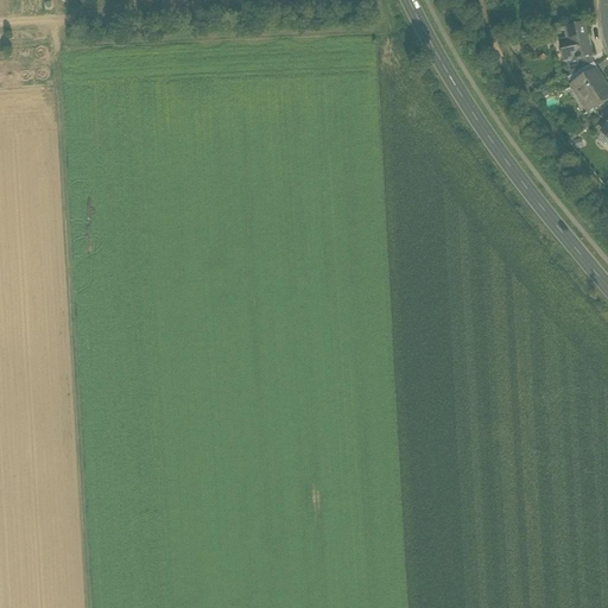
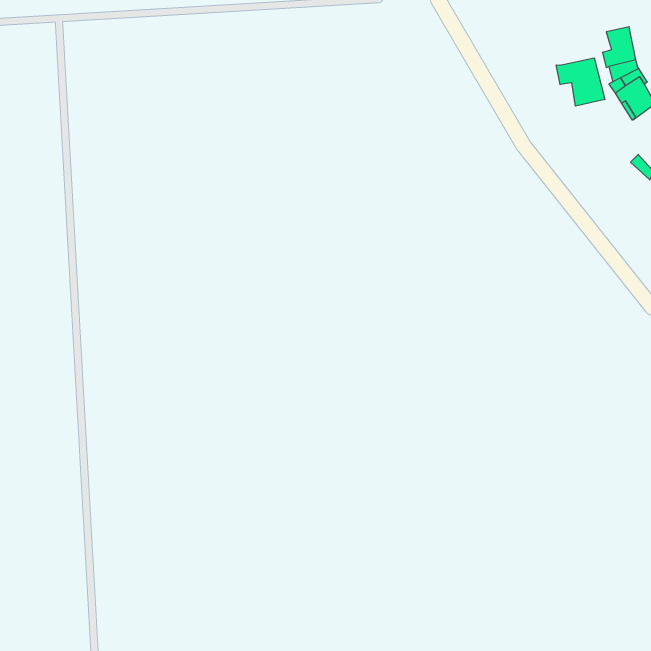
building: none -> [556,58,605,106]

